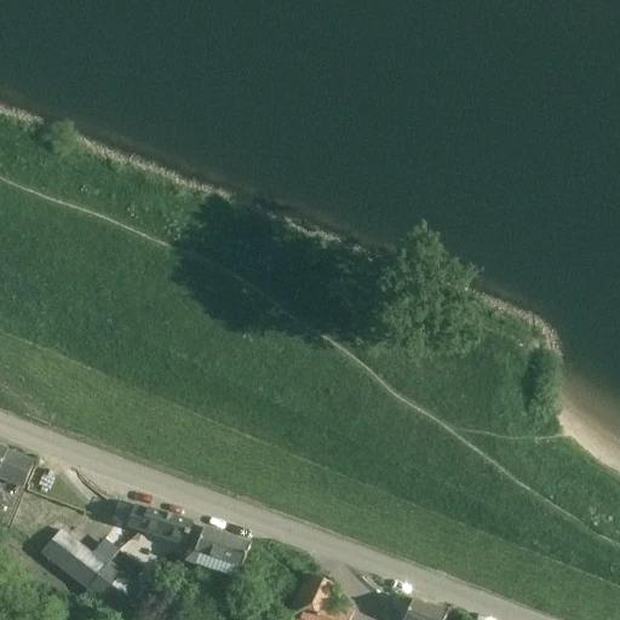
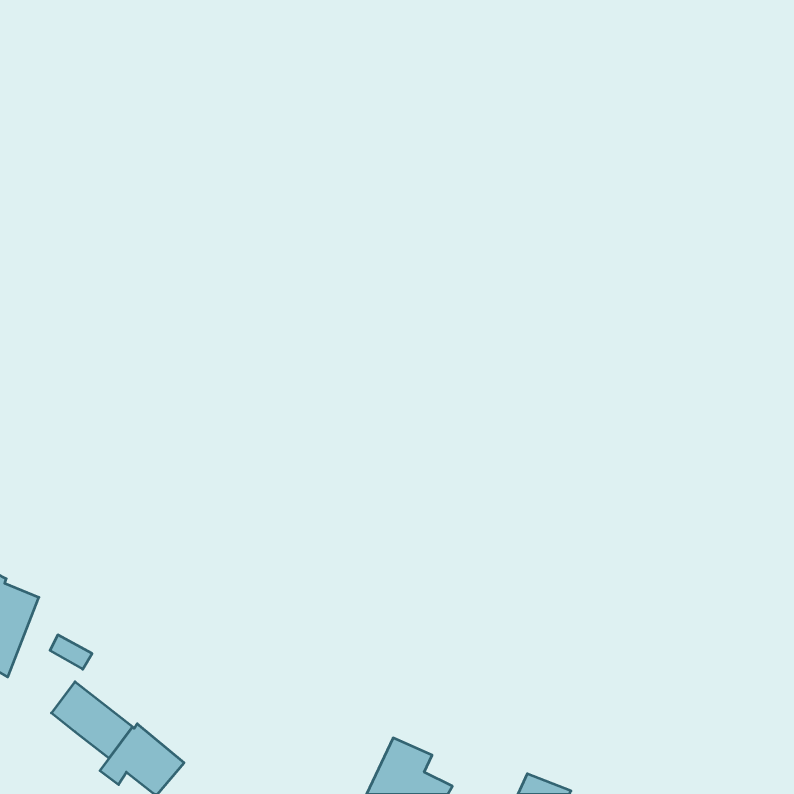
building: [126,506,189,545] -> none
building: [193,527,248,567] -> none

